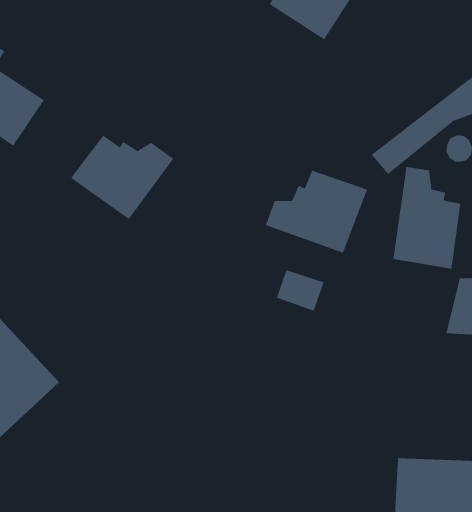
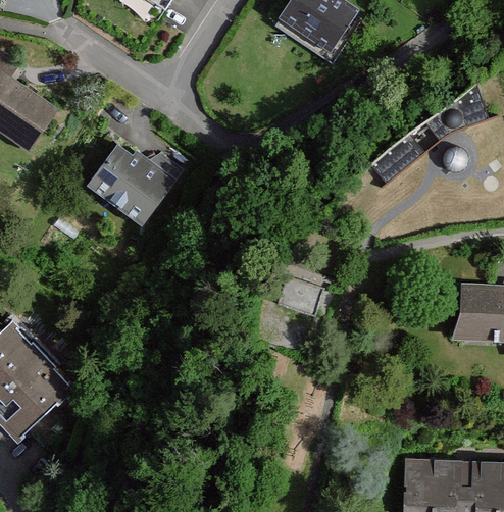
building: [393,166,461,270] -> none
building: [265,170,368,254] -> none

